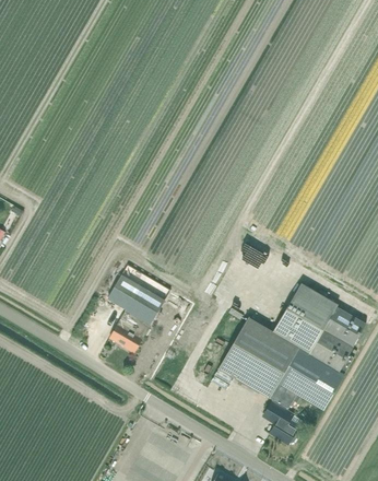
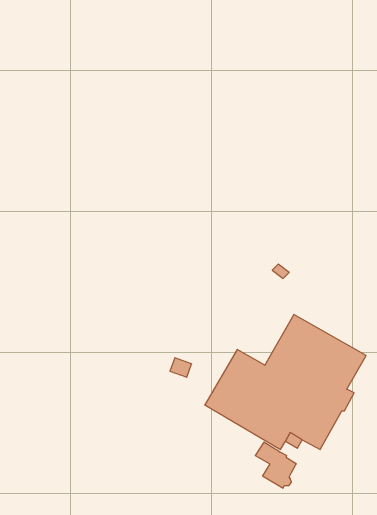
building: [107,274,165,353] -> none

